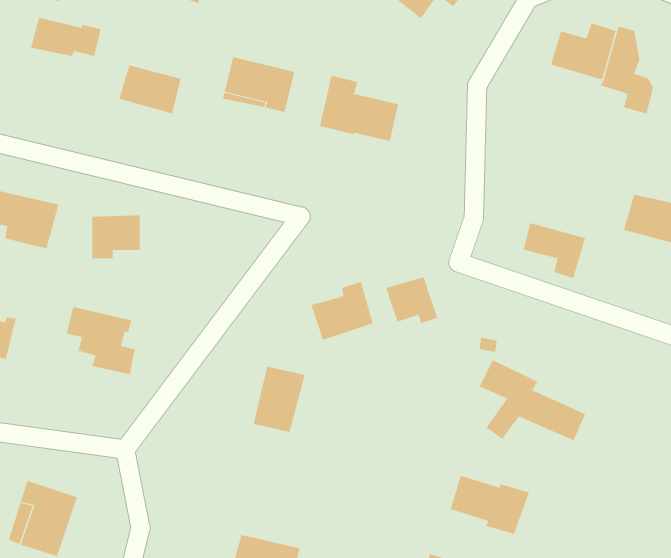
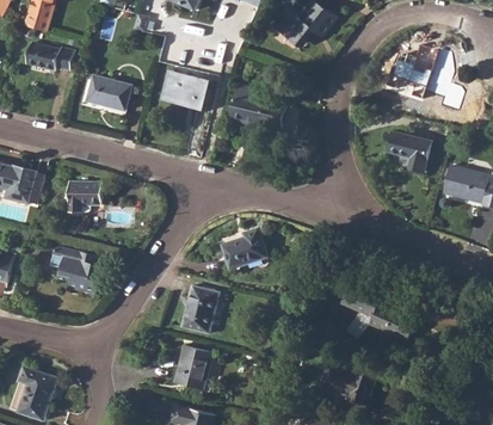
building: [523,223,586,279] -> [387,130,431,170]
building: [386,276,438,324] -> none
building: none -> [174,345,212,390]

